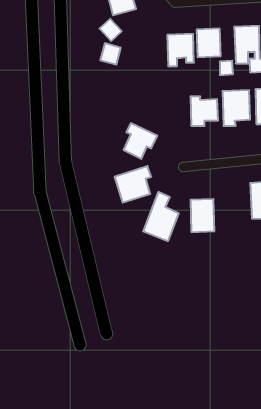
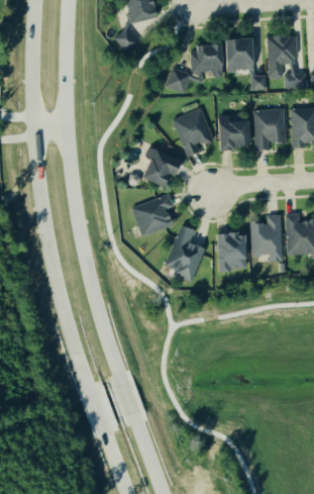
building: [100,43,121,65] -> [168,69,191,93]
building: none -> [174,108,213,156]
building: none -> [250,214,283,262]

